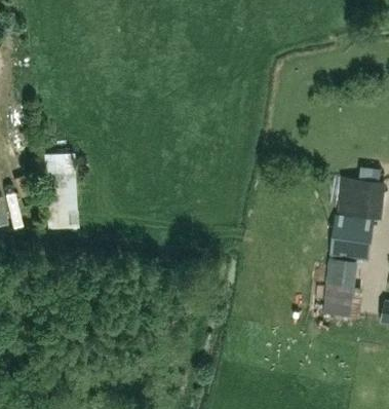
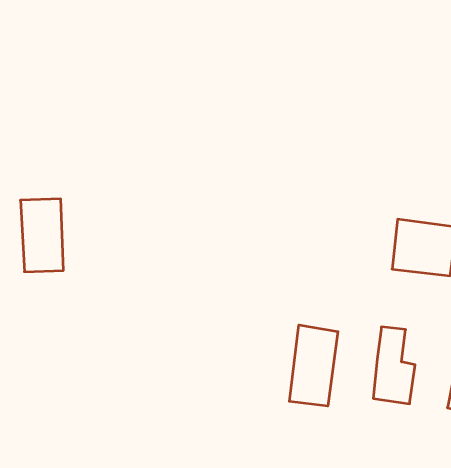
building: [328,216,374,262] -> none
building: none -> [289,325,338,406]

